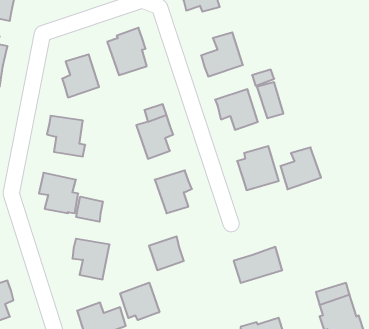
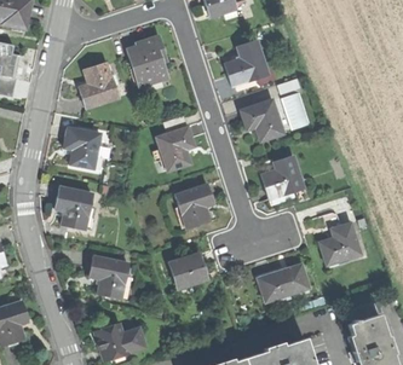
building: [280,147,321,189] -> [321,222,363,266]
building: [76,197,103,222] -> none
building: [120,283,159,320] -> none

